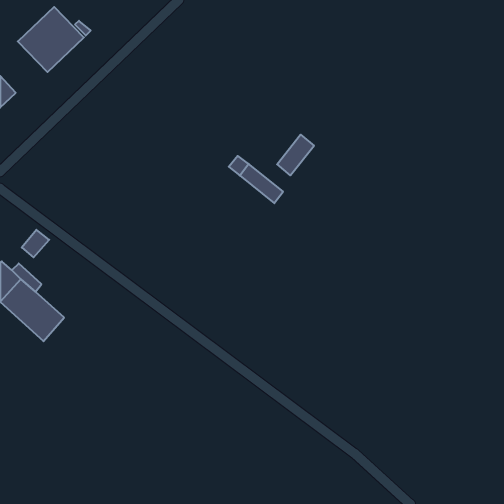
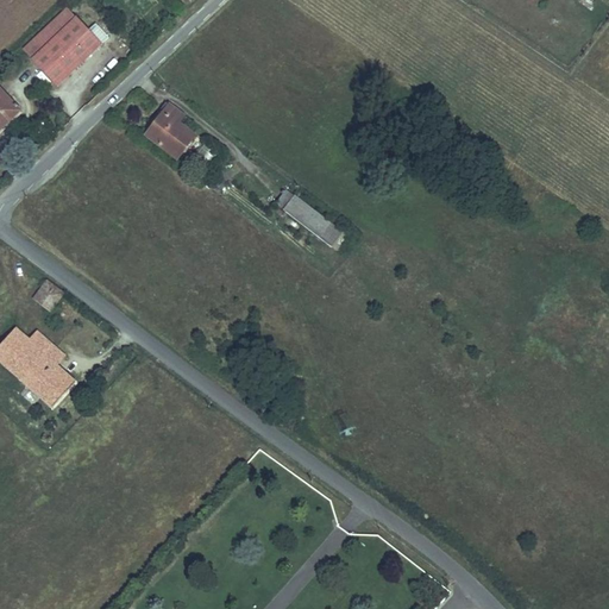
building: none -> [147,103,193,153]
building: [277,135,314,175] -> none

